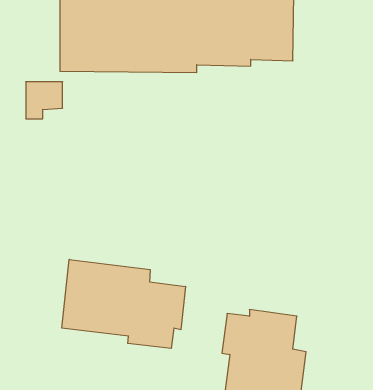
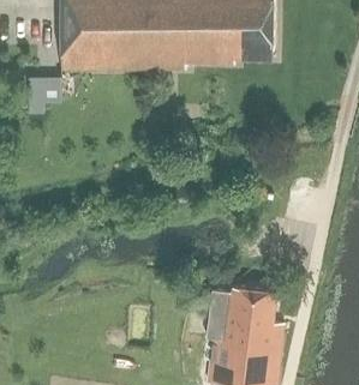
building: [62,259,186,348] -> none

